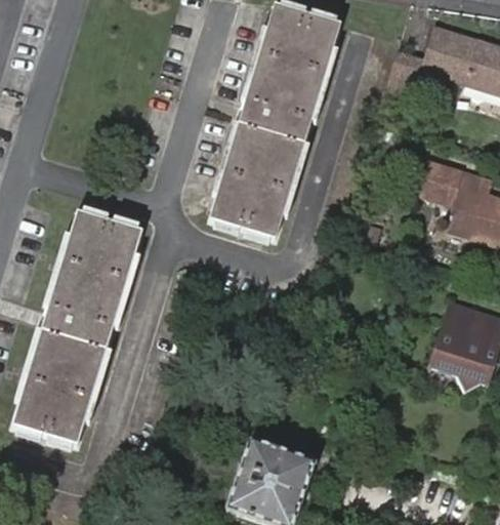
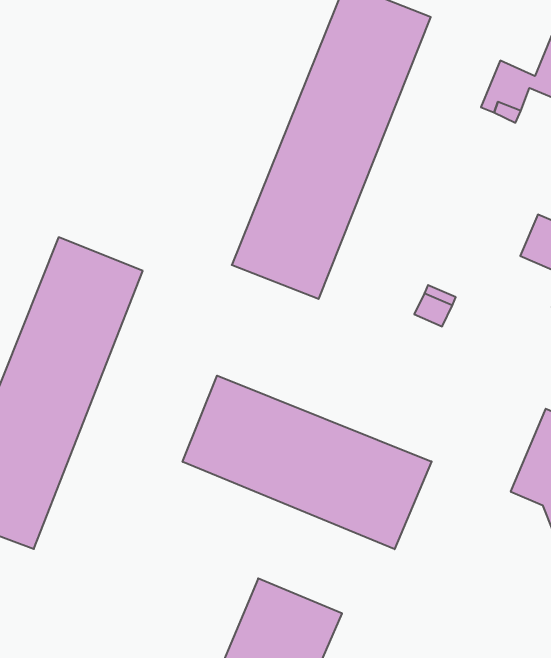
building: none -> [183,376,432,549]

